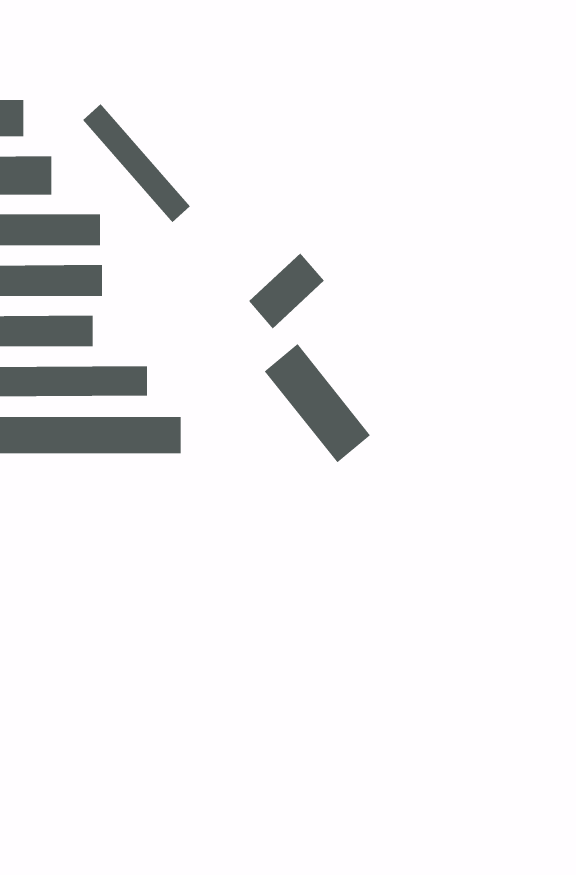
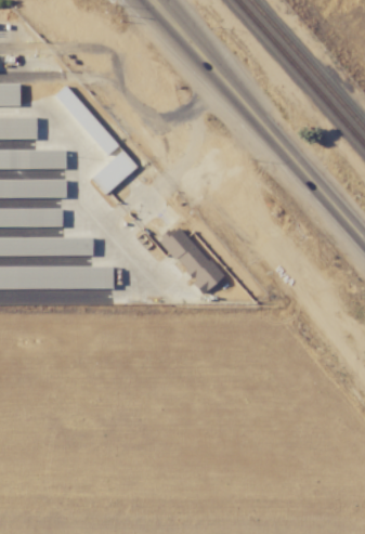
building: [248,252,325,329] -> [92,151,136,195]

